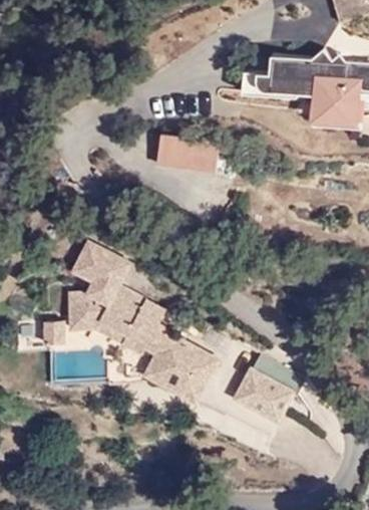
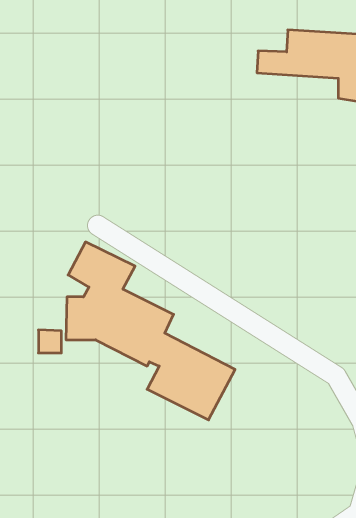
building: [157,137,219,168] -> none
building: [232,355,302,425] -> none

